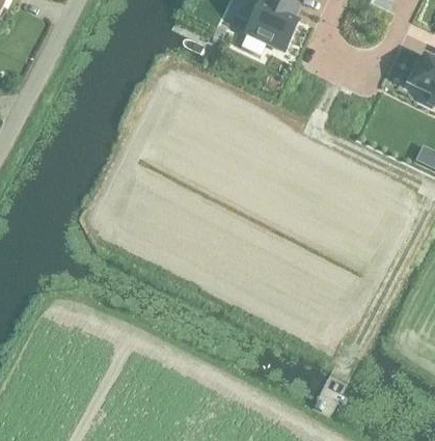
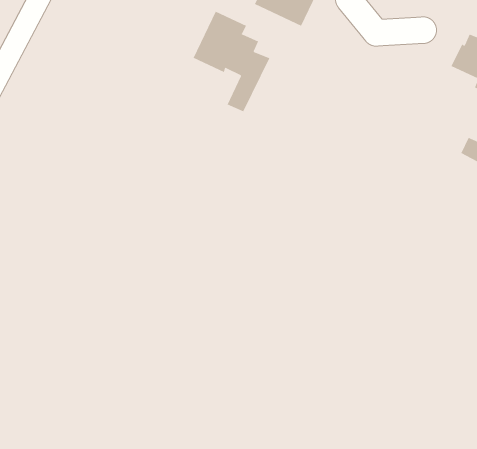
building: none -> [193,11,270,112]

